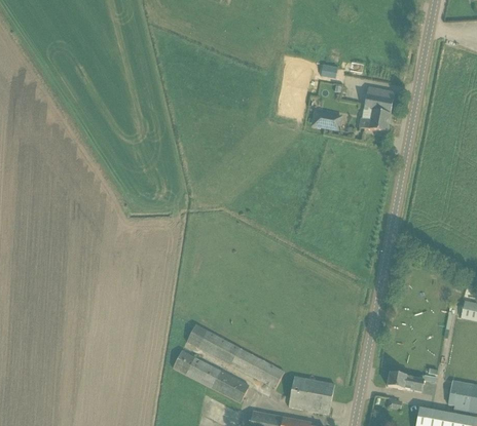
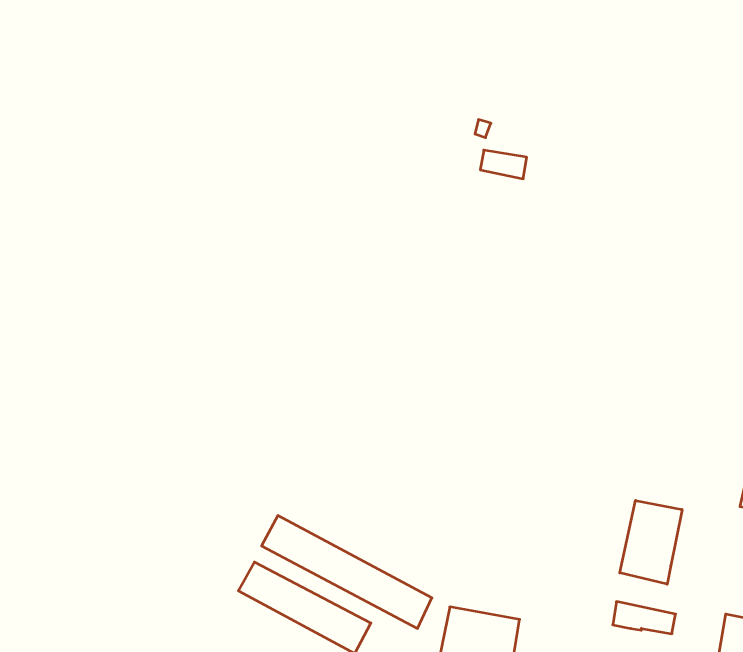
building: [360,86,394,131] -> none
building: none -> [620,500,682,584]

